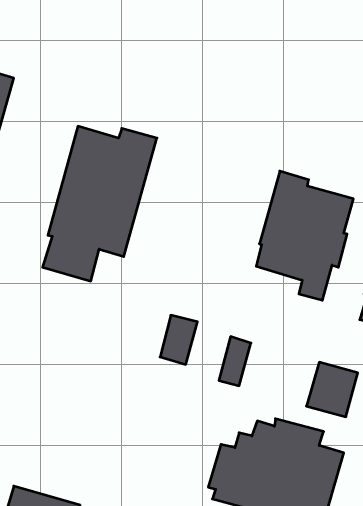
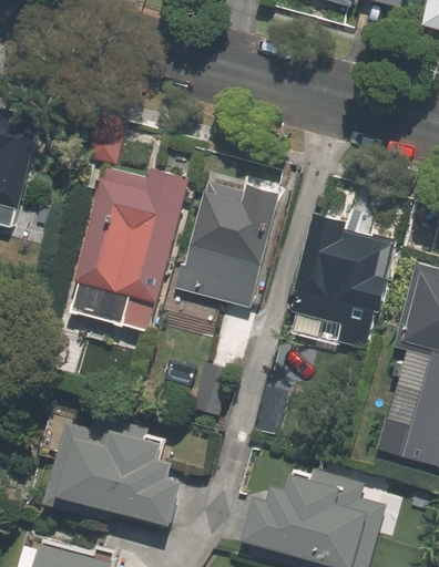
building: none -> [173,176,279,308]
building: none -> [34,409,182,523]

